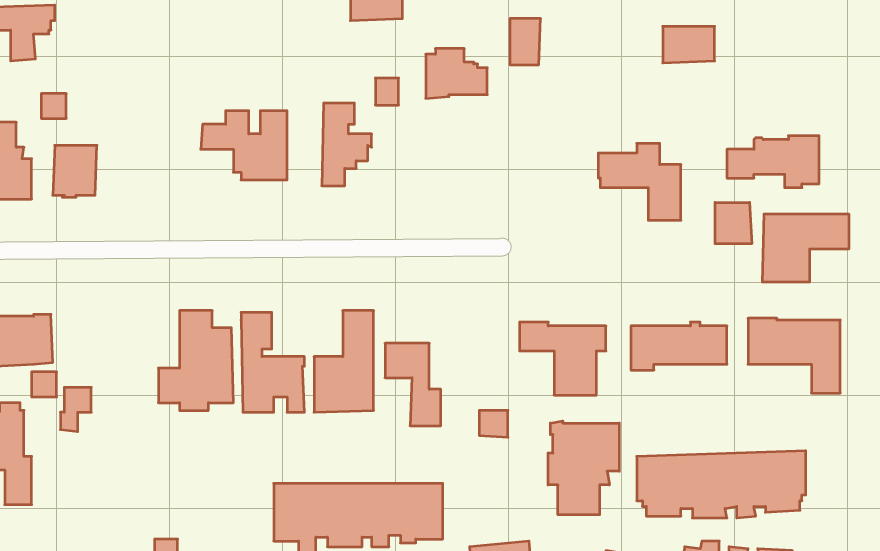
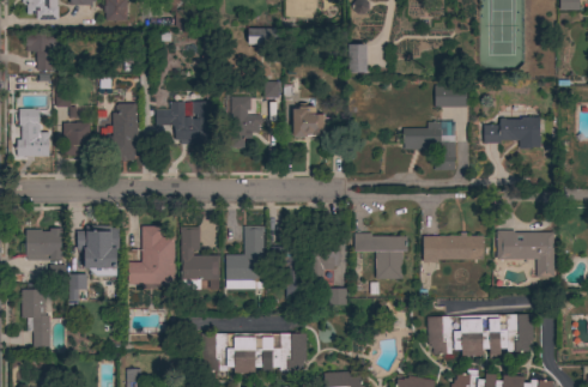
building: [663,26,715,63] -> [435,84,467,107]
building: [426,49,487,98] -> [293,105,332,137]
building: none -> [107,103,137,155]
building: [715,202,752,244] -> none
building: [762,214,849,282] -> none
building: none -> [78,224,120,276]
building: none -> [310,243,340,284]
building: [548,421,619,515] -> none

